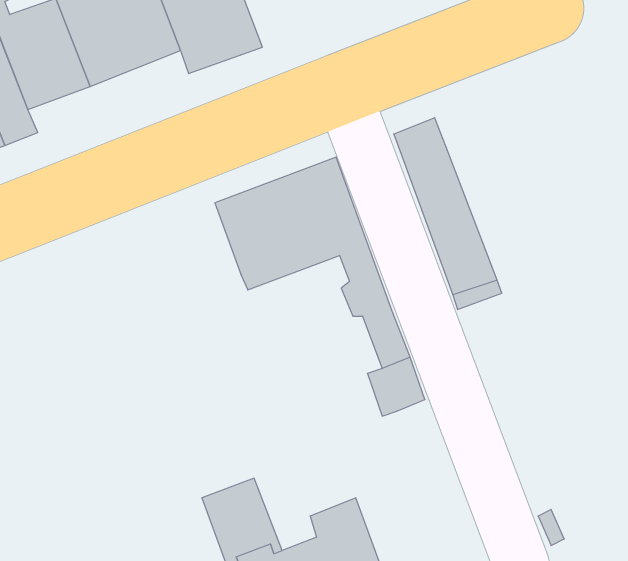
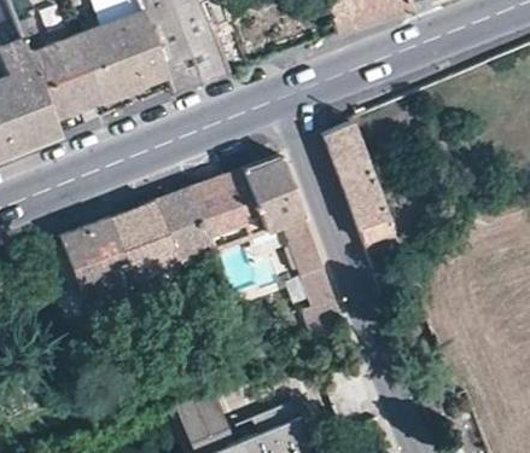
building: none -> [59,187,209,301]

